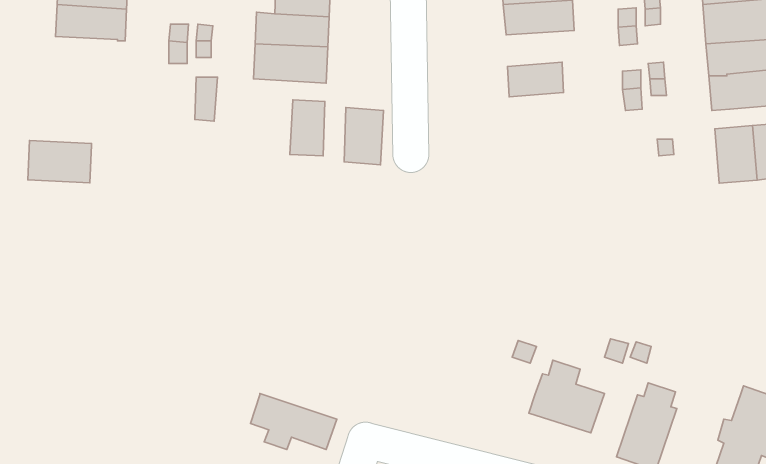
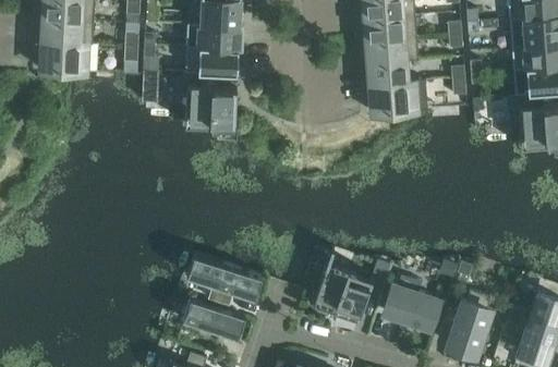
building: none -> [367,39,418,65]
building: none -> [369,83,427,115]
building: [344,107,383,165] -> [185,87,214,129]
building: [28,141,91,183] -> [41,44,87,74]
building: none -> [313,250,373,326]
building: none -> [186,257,262,301]

